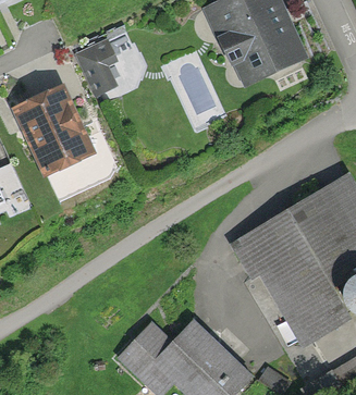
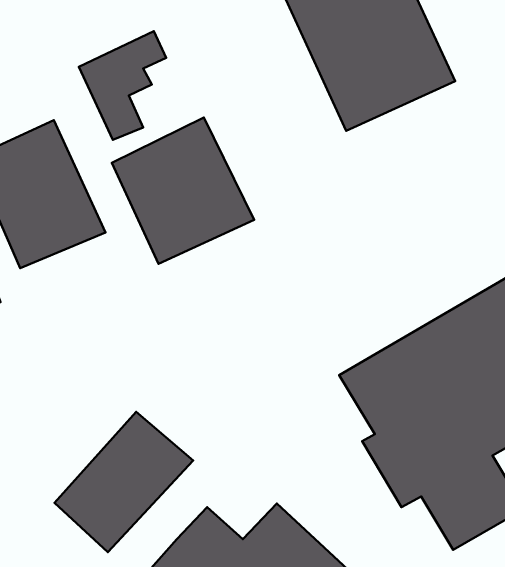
building: none -> [112,118,254,264]
building: none -> [54,412,193,552]

